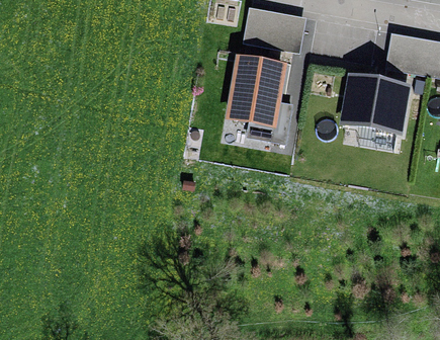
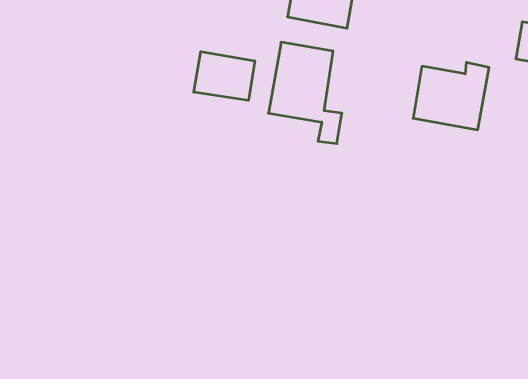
building: [397,42,433,78] -> none
building: none -> [194,52,255,100]

